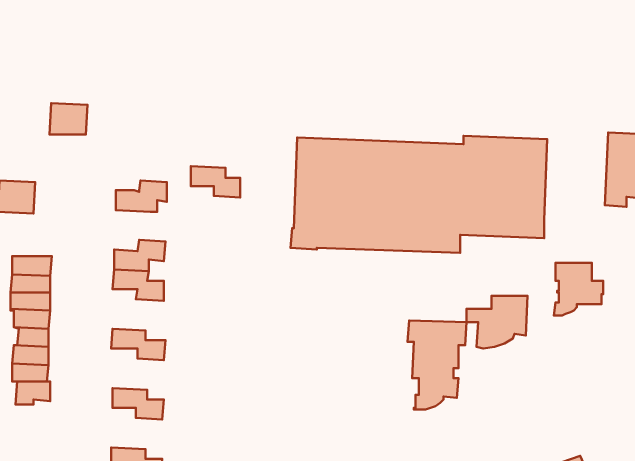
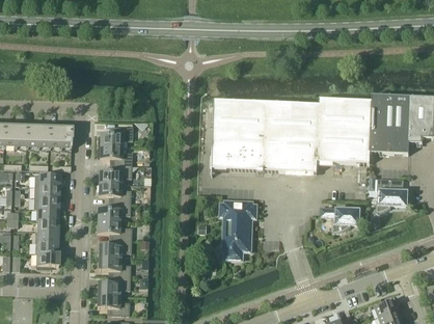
building: [50,103,87,134] -> [48,127,72,146]
building: none -> [370,93,410,153]
building: [191,166,240,198] -> [100,144,131,164]
building: none -> [98,200,130,220]
building: [407,321,467,410] -> [219,201,256,258]
building: none -> [98,238,130,258]
building: none -> [97,275,129,295]

